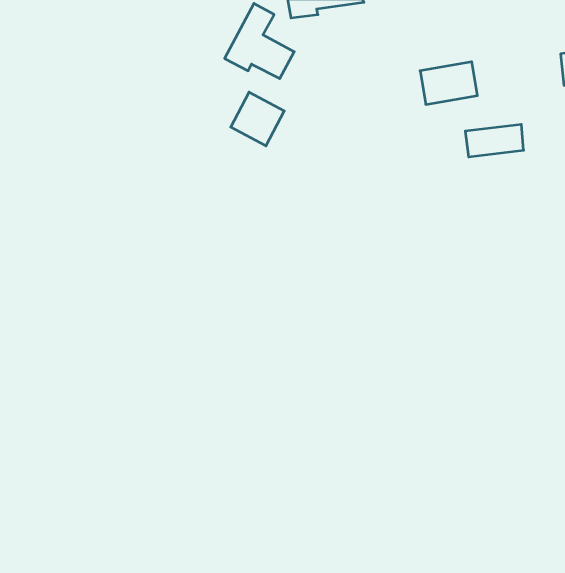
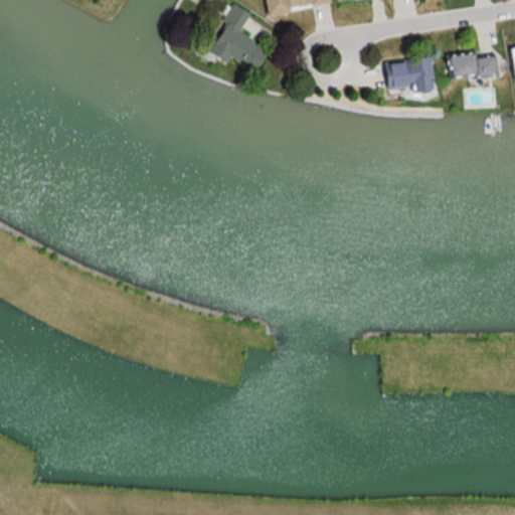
building: [231,92,284,146] -> none
building: [465,124,524,157] -> [448,50,500,79]

